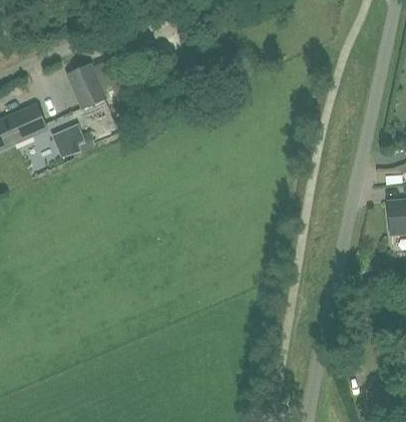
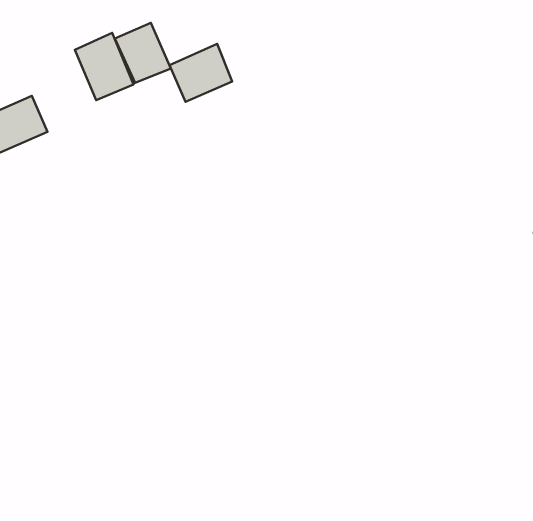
building: none -> [169,44,232,102]
building: [52,123,87,156] -> none

